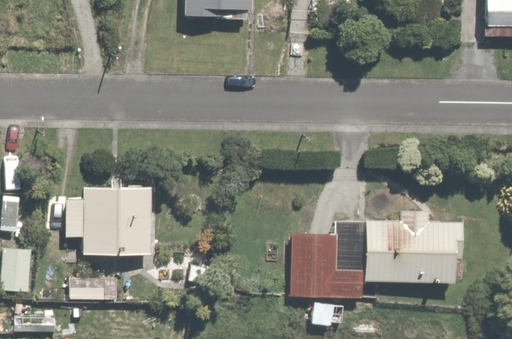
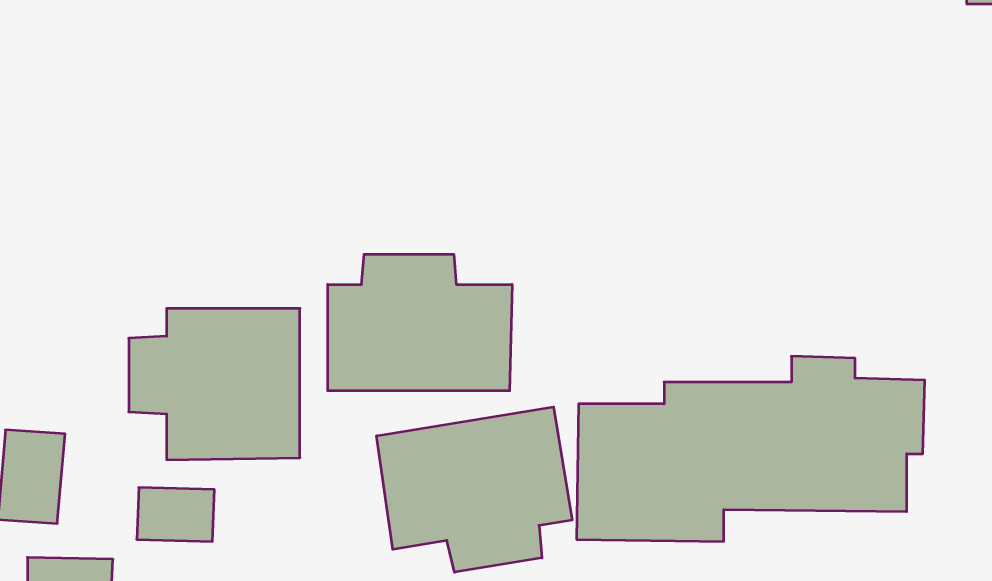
building: none -> [328,254,512,391]
building: none -> [377,407,572,572]

